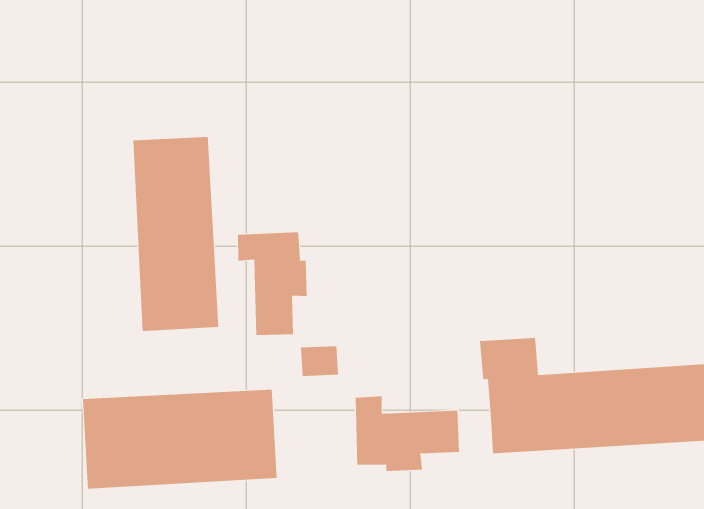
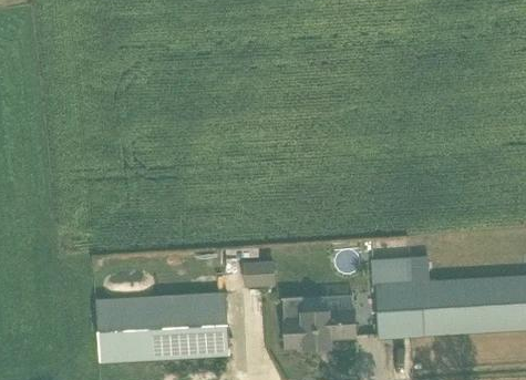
building: [133,136,219,332] -> none
building: [238,231,307,336] -> none

